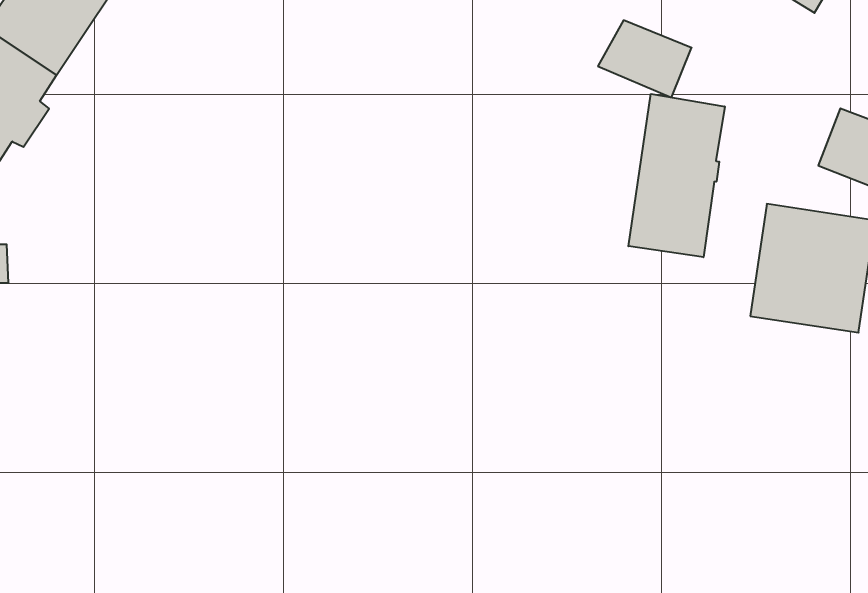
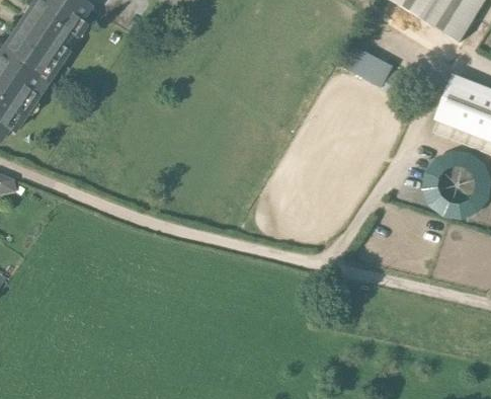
building: none -> [436,84,474,126]
building: [628,94,725,257] -> none

